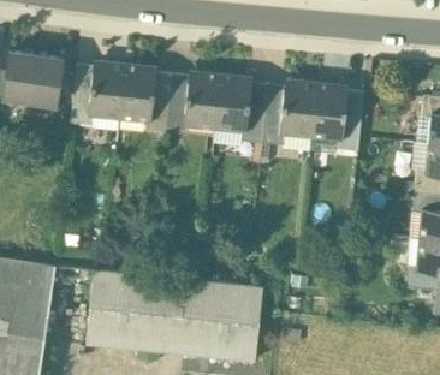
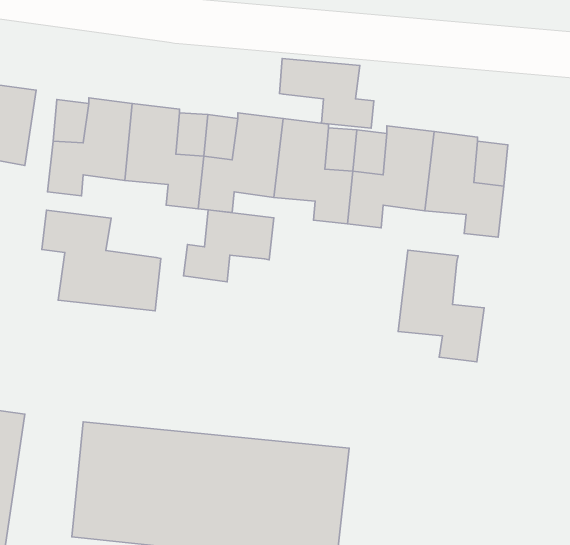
building: none -> [280,59,374,128]
building: none -> [183,210,274,282]
building: none -> [42,210,161,311]
building: none -> [398,250,484,362]

